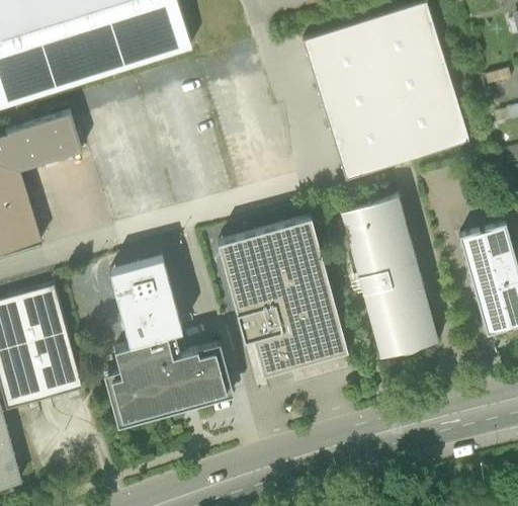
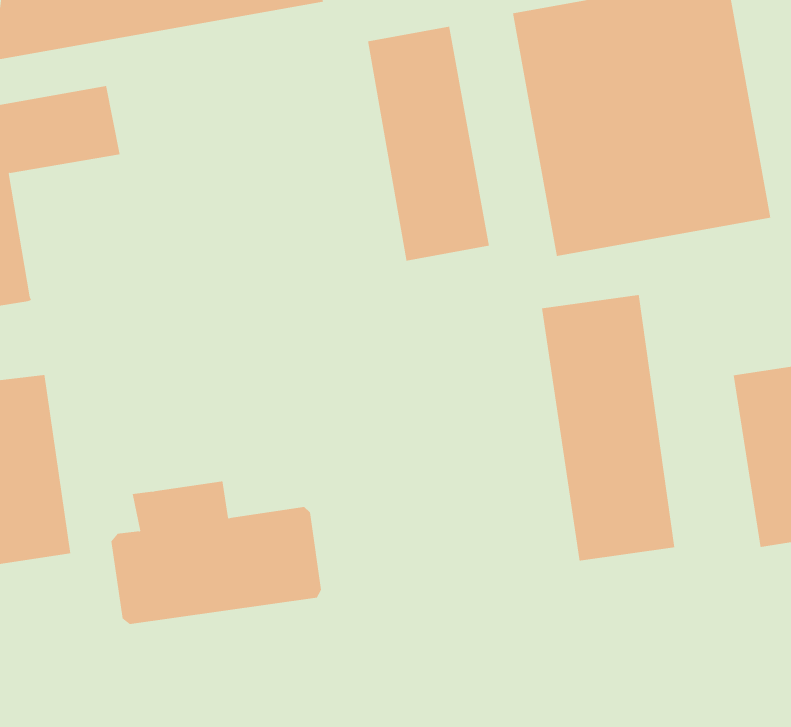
building: none -> [368,26,489,261]
building: [217,216,352,386] -> none
building: [108,256,181,346] -> none

